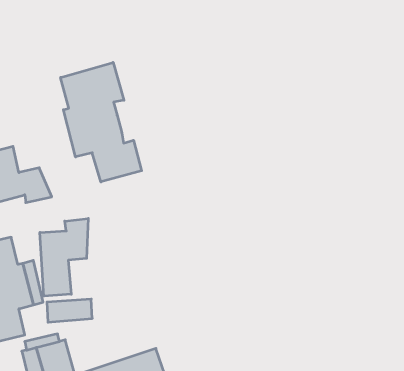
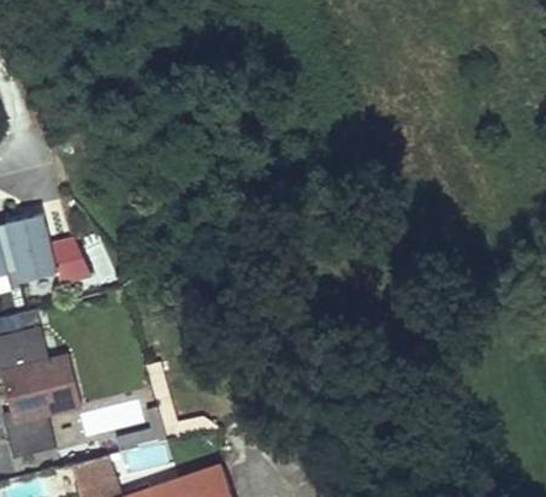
building: [61,62,142,182] -> none
building: [40,218,88,296] -> none

